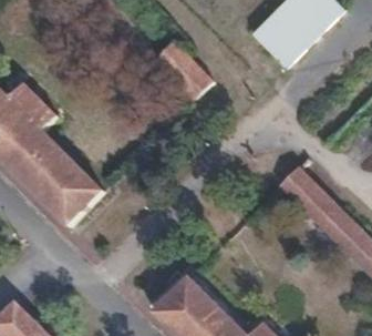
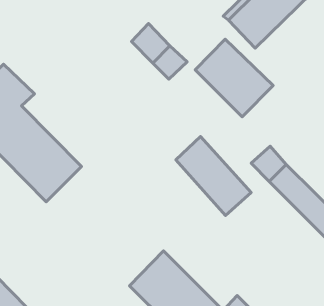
building: none -> [195,39,273,117]
building: none -> [176,137,251,216]

